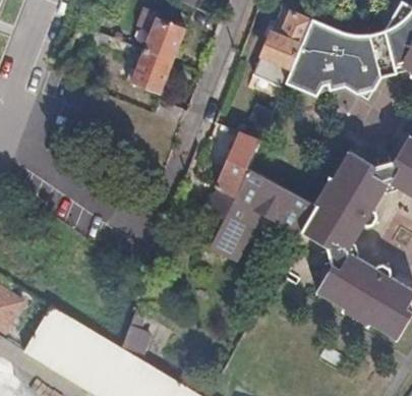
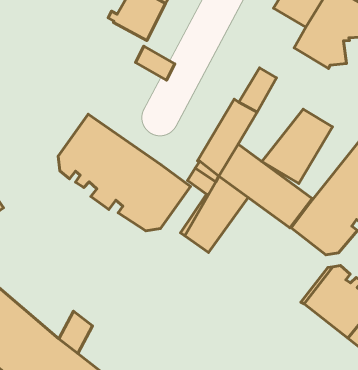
building: none -> [262,109,333,183]
building: none -> [58,114,191,231]

